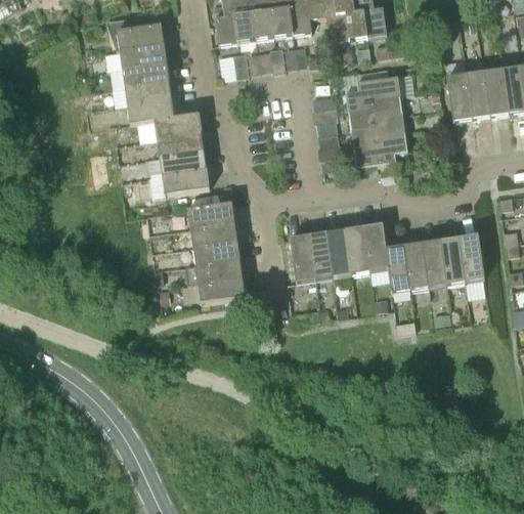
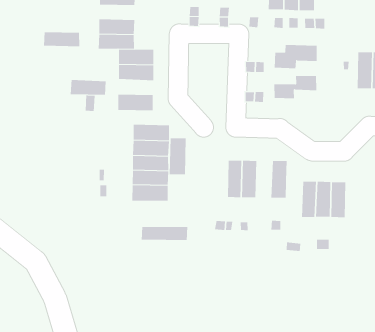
building: [122,62,169,86] -> [43,32,80,47]
building: [347,95,401,131] -> none
building: [353,131,406,167] -> none
building: [160,151,206,174] -> [70,80,107,95]
building: [345,225,368,273] -> none
building: [289,233,315,282] -> [169,138,187,175]
building: [457,233,483,281] -> none
building: [385,245,409,291] -> none
building: none -> [141,226,188,241]

